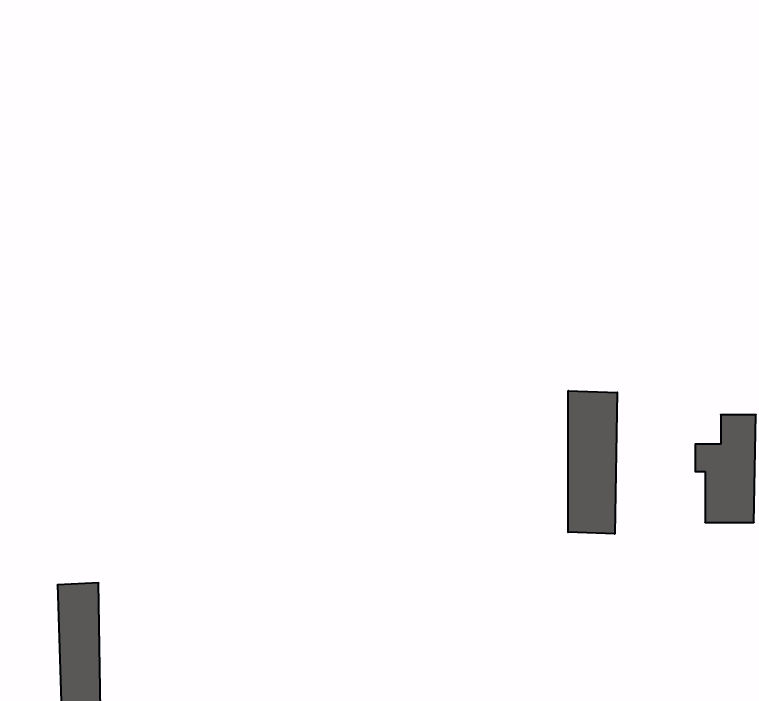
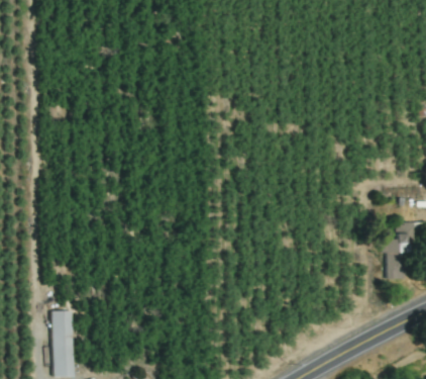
building: [568,391,617,534] -> none

